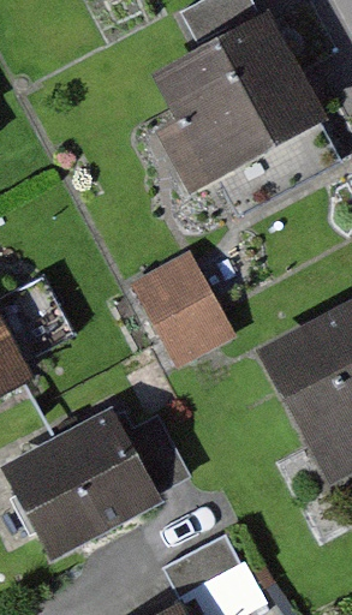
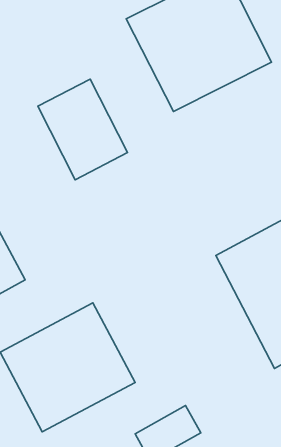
building: [123,249,229,369] -> [38,79,128,180]

